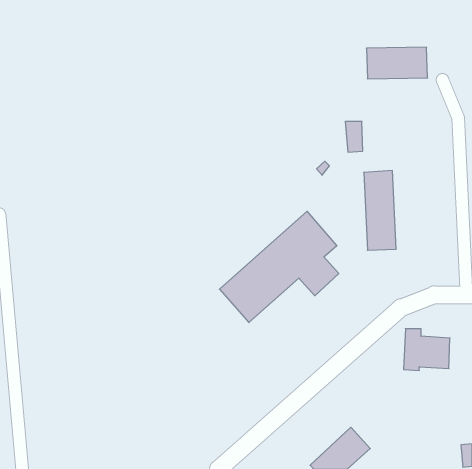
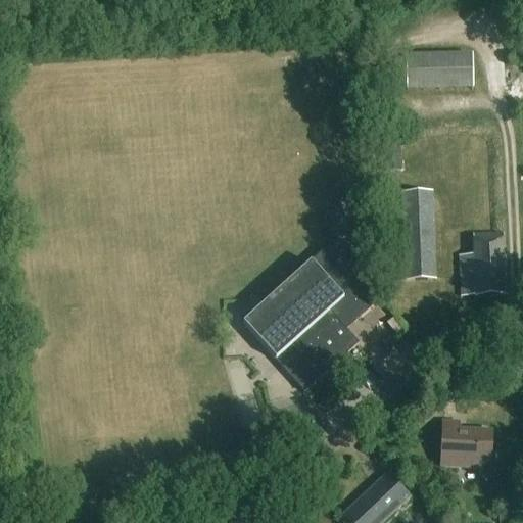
building: none -> [461,229,507,292]
building: none -> [275,306,359,388]
building: [404,329,450,370] -> [439,419,490,465]

